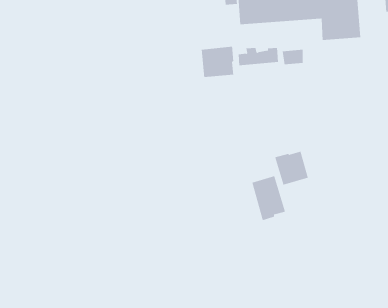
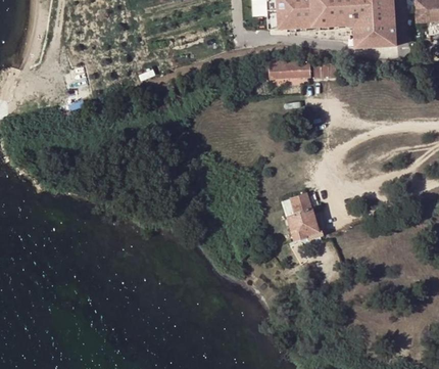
building: [201,46,234,78] -> none
building: [274,151,309,186] -> none

